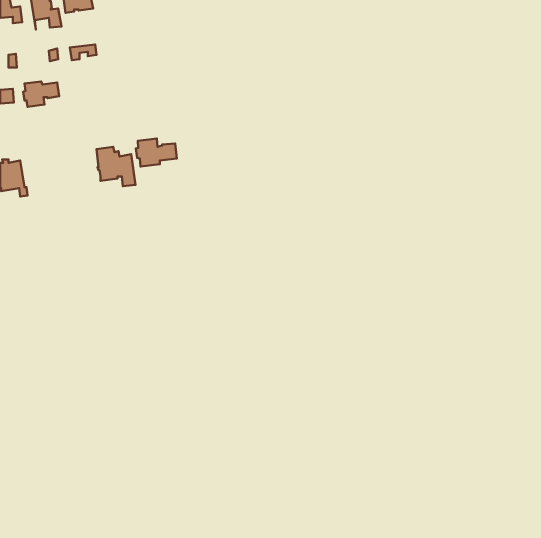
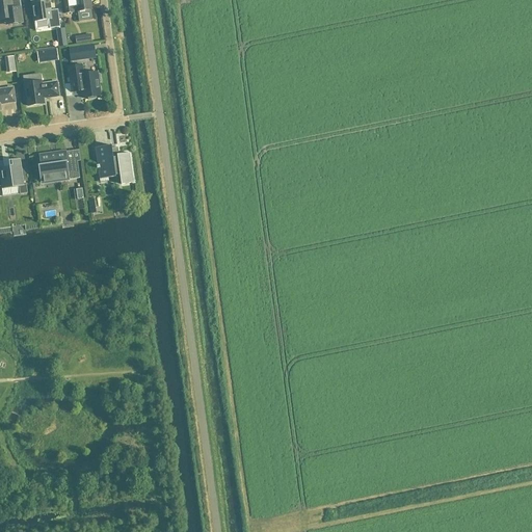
building: none -> [68,64,101,99]
building: [136,139,177,166] -> none
building: none -> [38,151,79,183]

